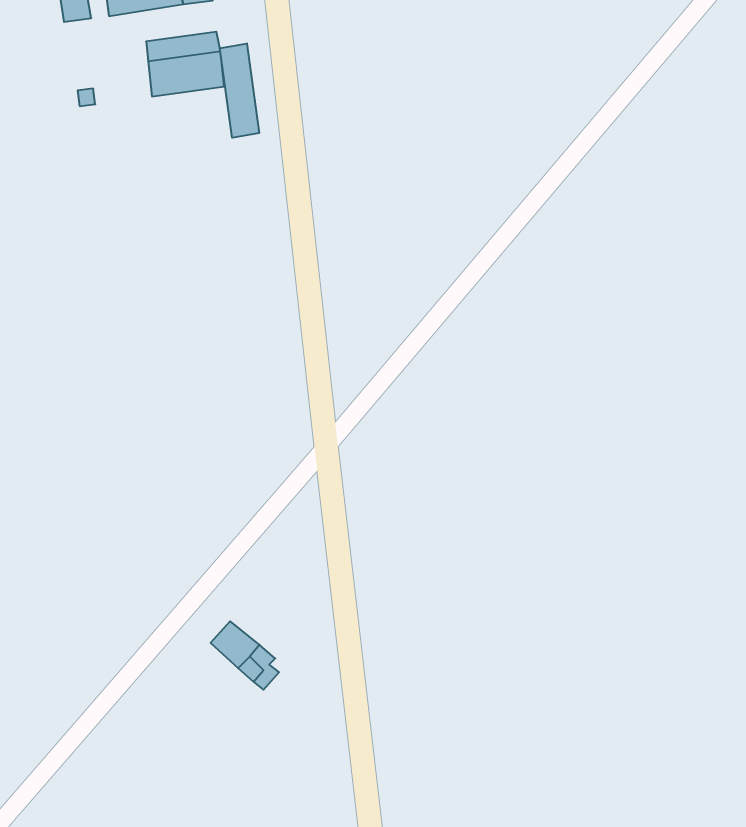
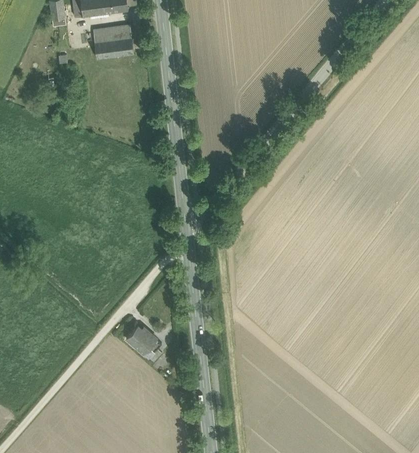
building: [220,43,259,138] -> none

